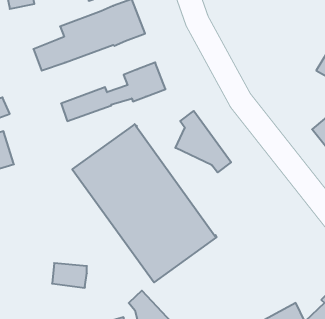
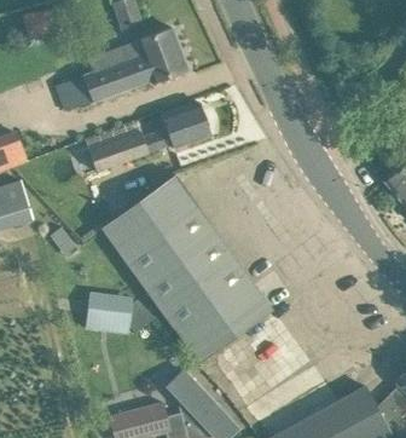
building: [175,111,231,172] -> none
building: [52,263,87,288] -> [88,295,129,324]

